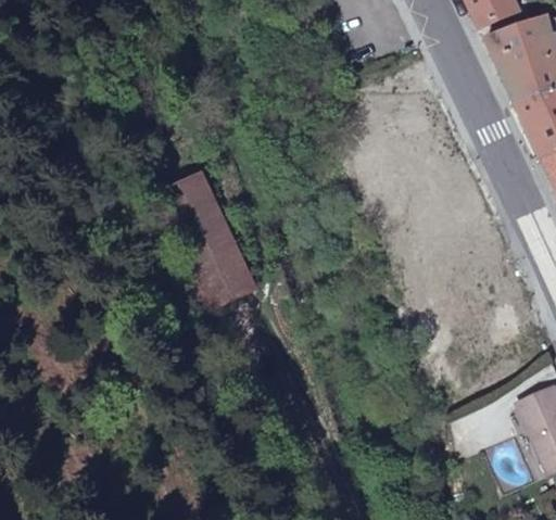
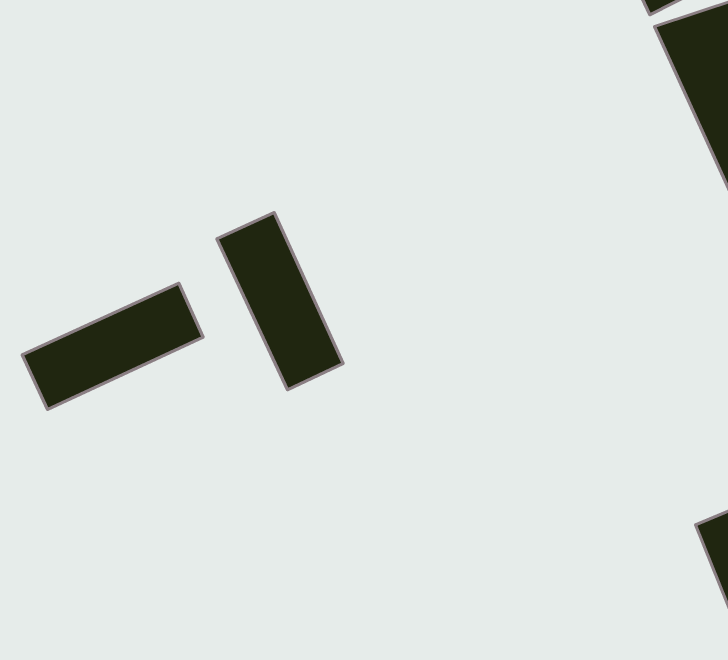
building: none -> [22,283,203,410]

